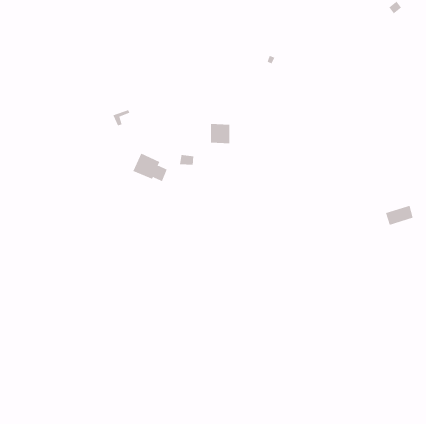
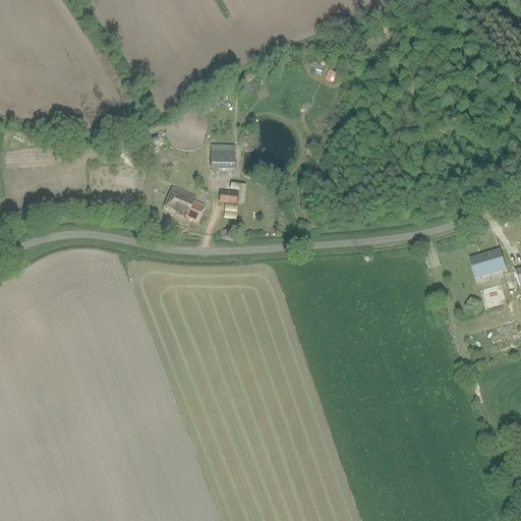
building: [210,124,230,144] -> [211,142,235,167]

